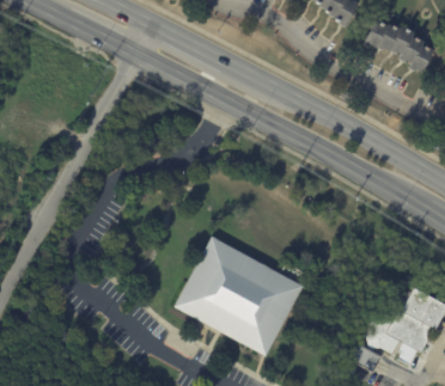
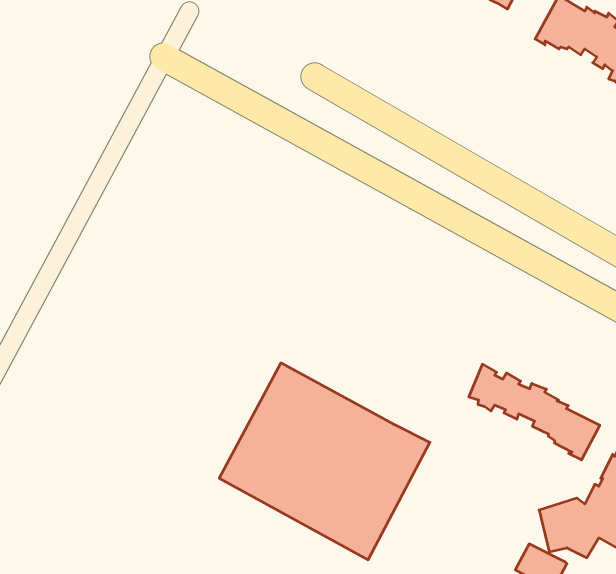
building: none -> [469,364,600,460]

